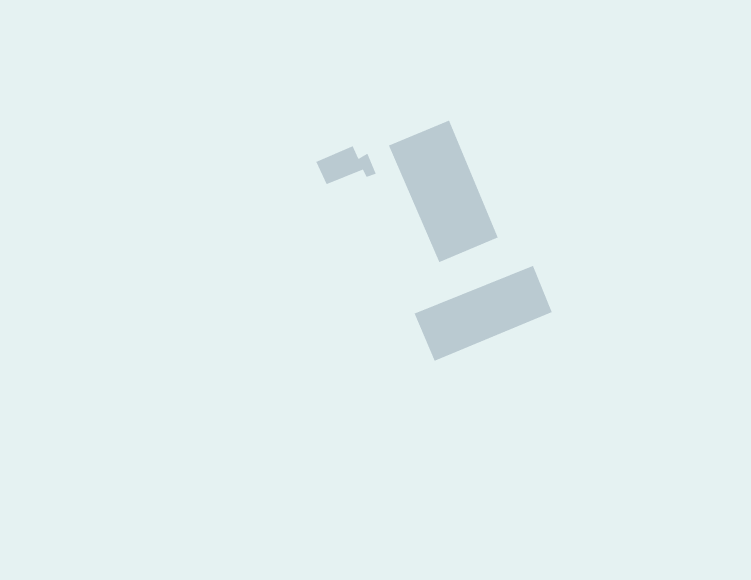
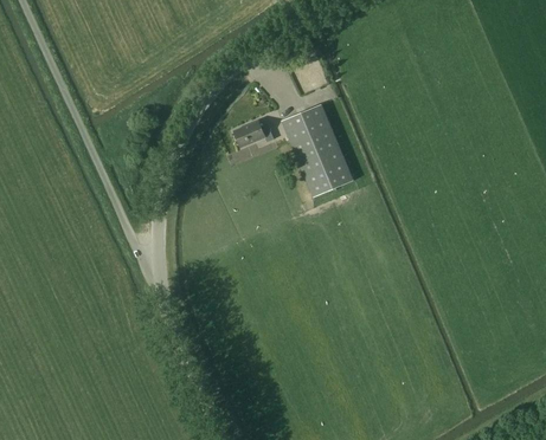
building: [414,265,553,362] -> none

